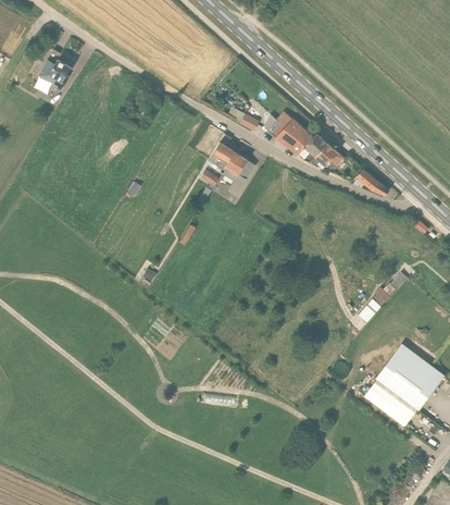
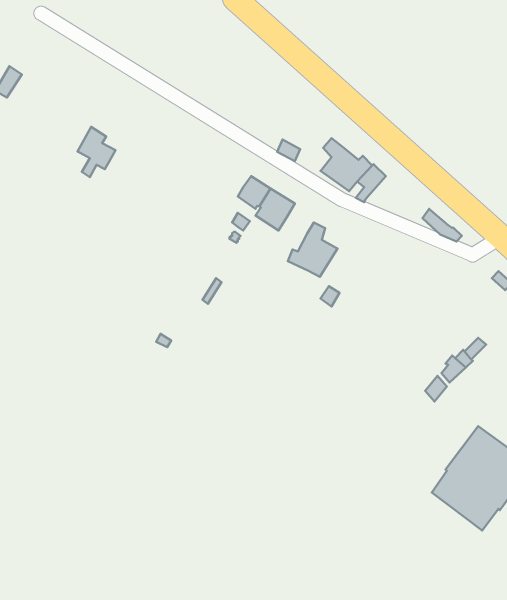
building: [41,49,72,89] -> [78,127,116,177]
building: [312,144,345,170] -> none
building: none -> [288,222,337,277]

